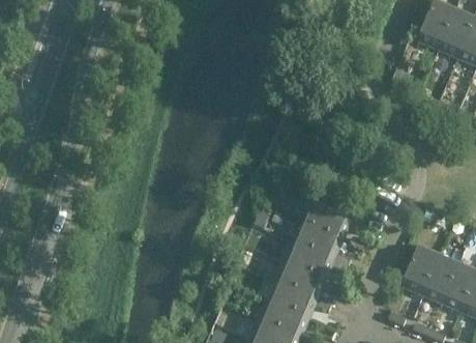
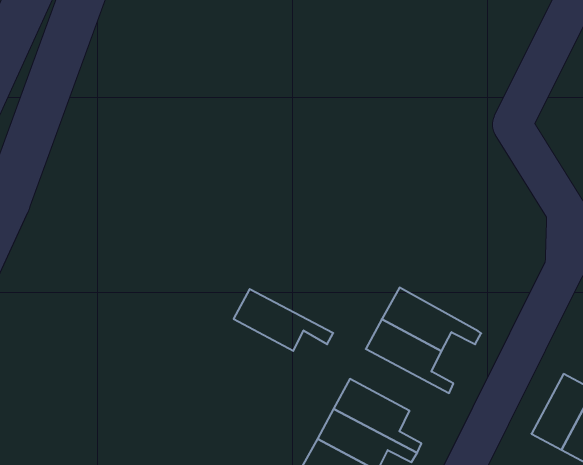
building: [285,240,348,277] -> [234,289,333,351]

